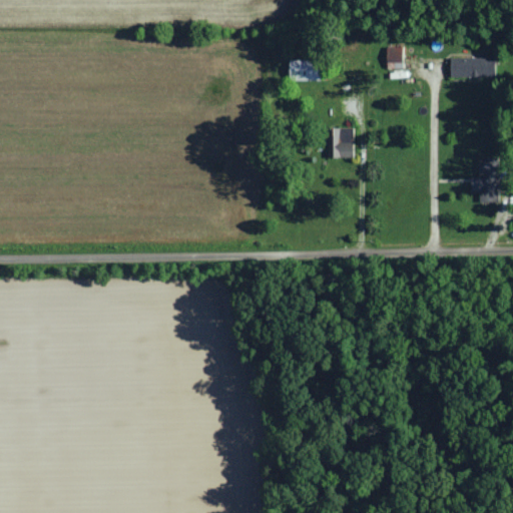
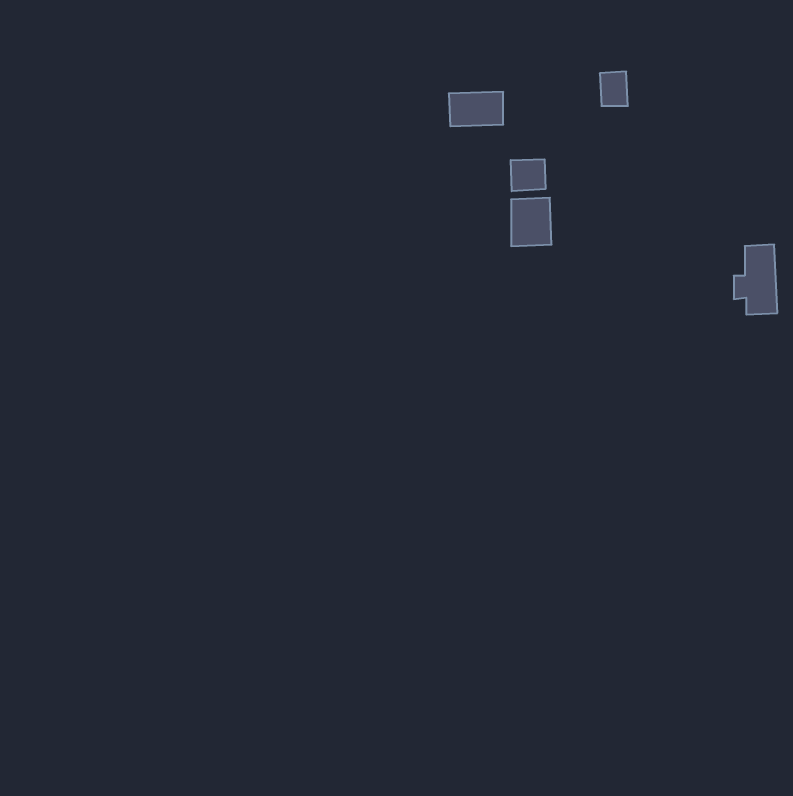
building: [450,57,495,77] -> none
building: none -> [511,159,545,191]

